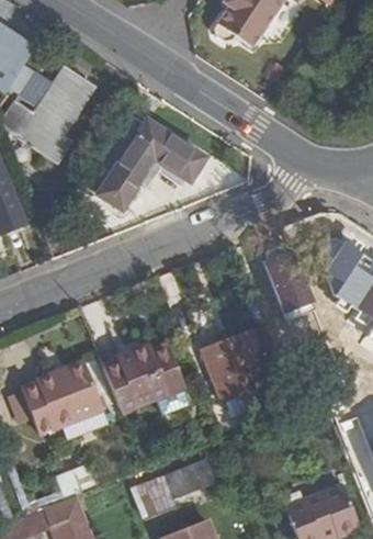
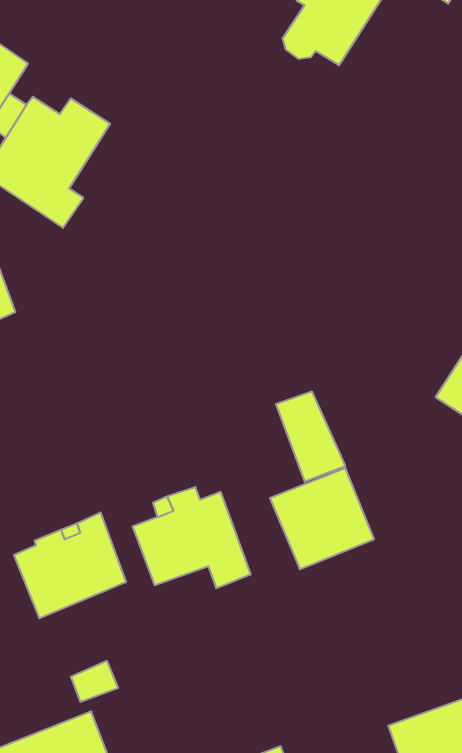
building: [78,111,208,225] -> none
building: [264,246,313,308] -> [276,392,345,482]
building: [135,461,213,517] -> none

